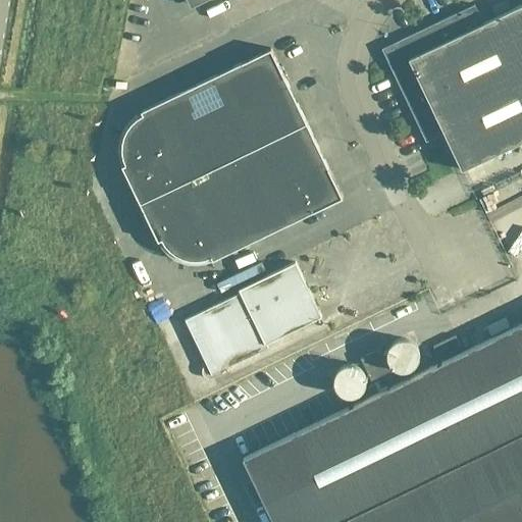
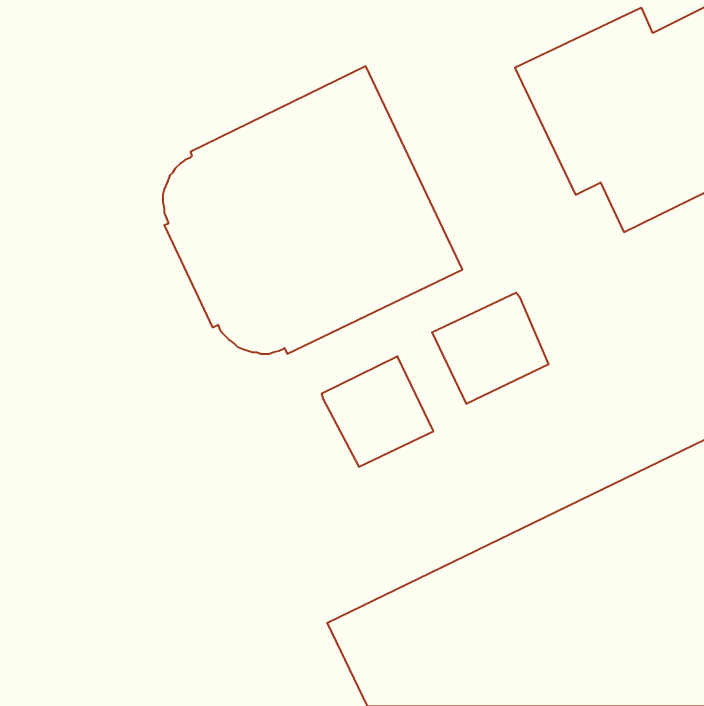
building: none -> [432,293,548,404]
building: [185,295,267,380] -> none

